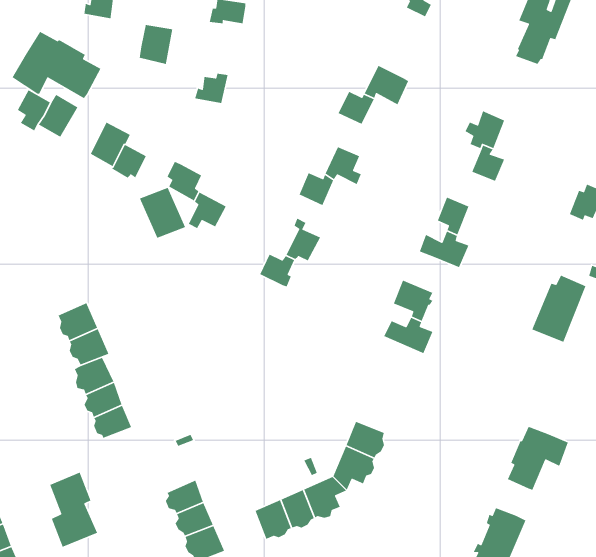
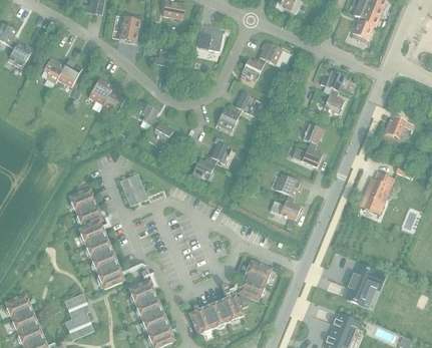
building: [12,31,101,99] -> none
building: none -> [198,26,223,50]
building: [139,187,186,239] -> [119,172,148,205]
building: none -> [97,265,122,288]
building: none -> [129,281,154,305]

